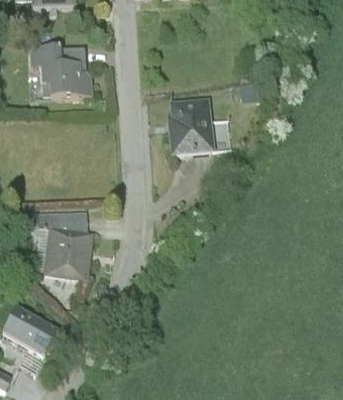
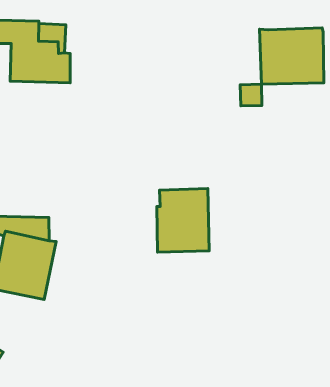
building: none -> [260,28,324,84]
building: [166,97,215,155] -> [157,188,209,252]

